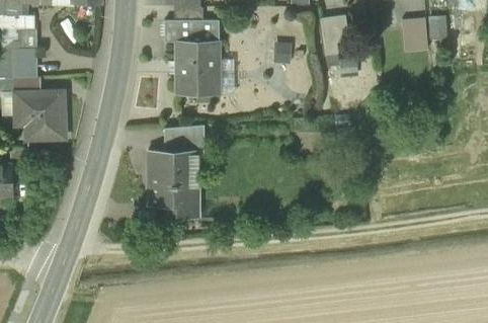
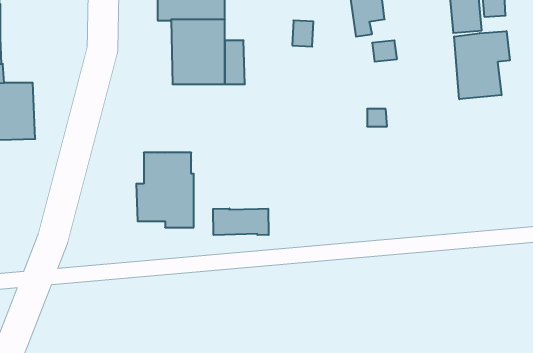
building: none -> [454,31,510,99]
building: [170,125,204,155] -> none
building: none -> [213,208,269,235]

